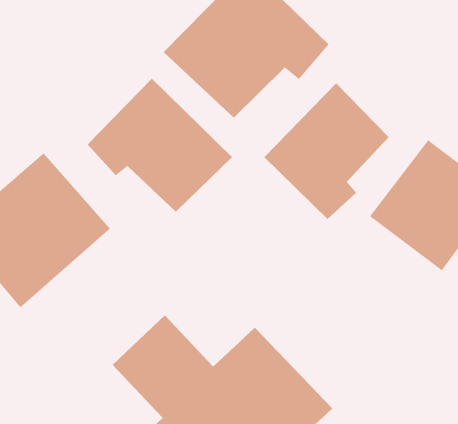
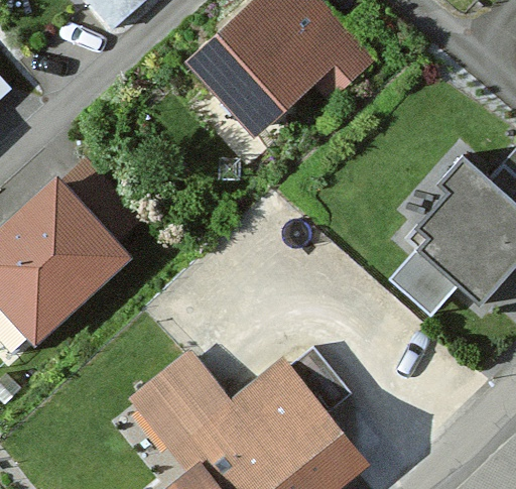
building: [87,78,233,213] -> none
building: [264,82,390,220] -> none

